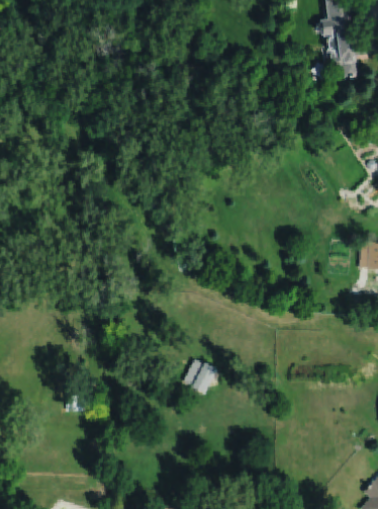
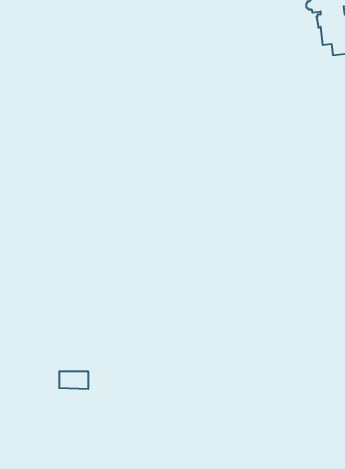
building: [184,359,218,395] -> none

